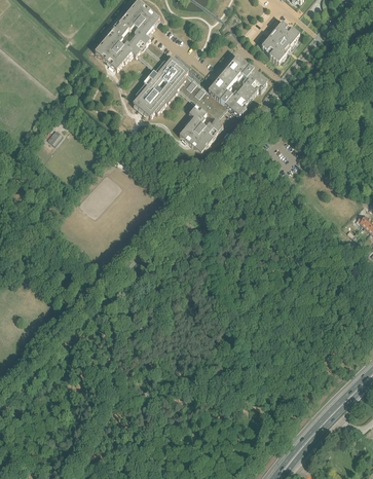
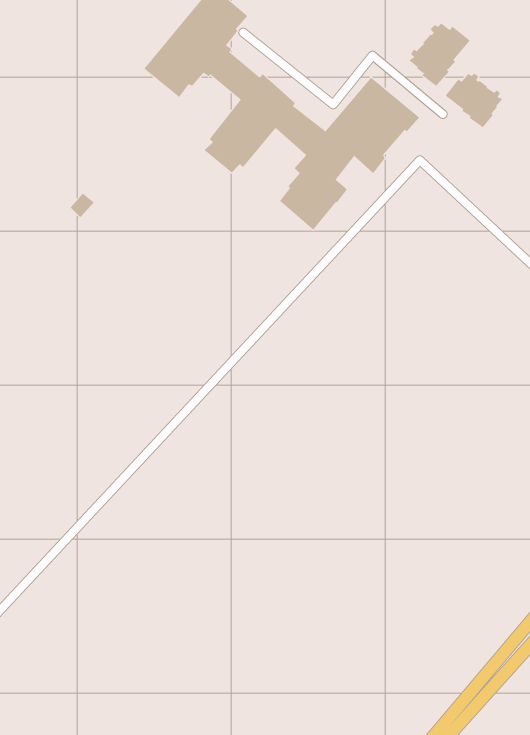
building: none -> [445,73,503,128]

